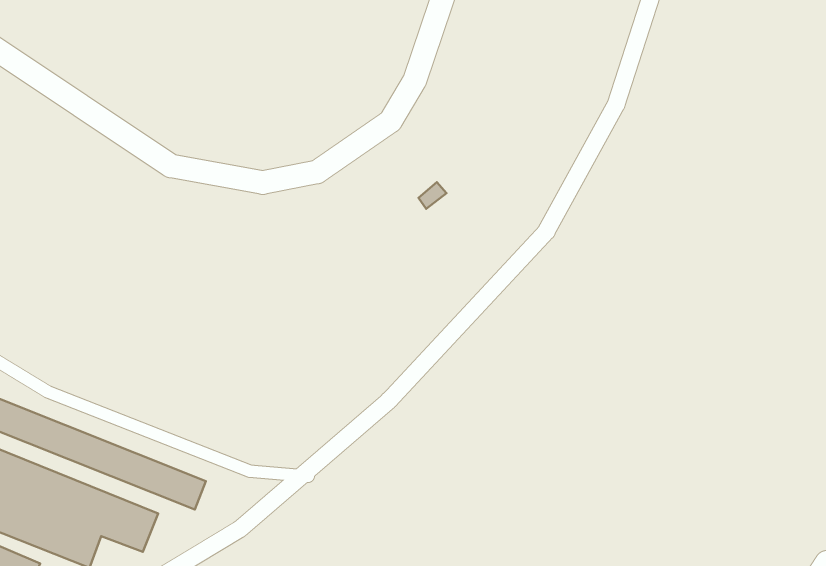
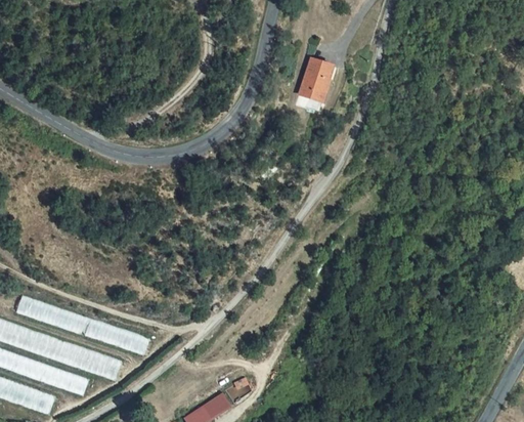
building: none -> [296,60,334,114]

